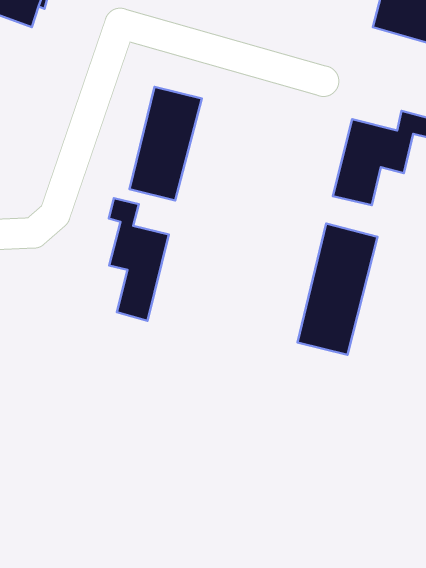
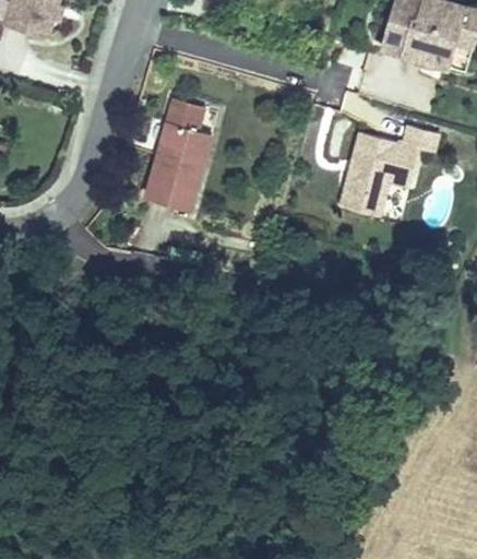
building: [109,198,169,321] -> none
building: [297,224,377,355] -> none

